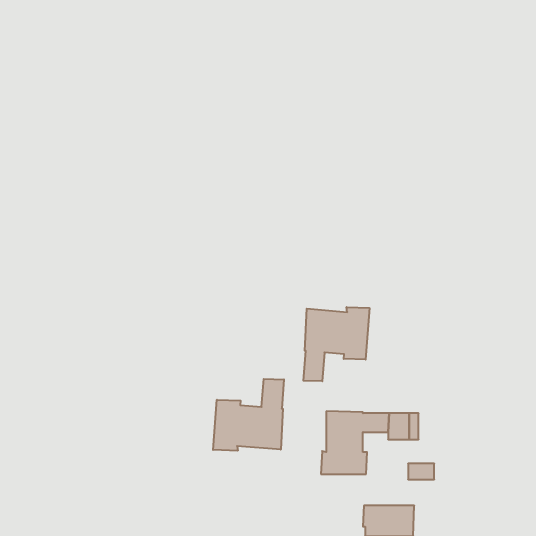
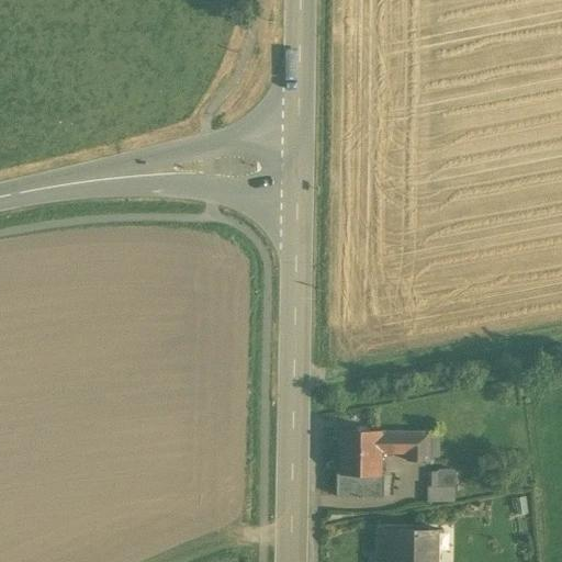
building: [303,307,369,381] -> none
building: [213,379,284,451] -> none

